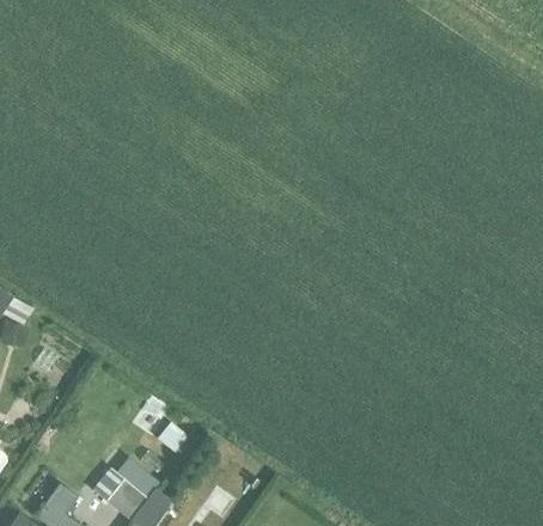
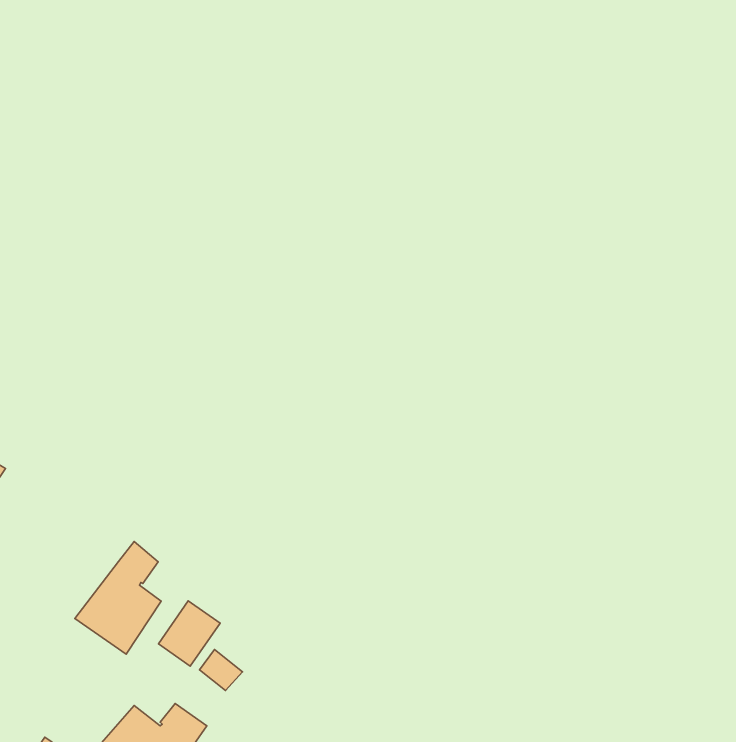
building: none -> [75,541,161,654]

